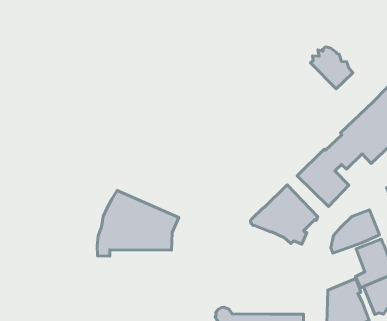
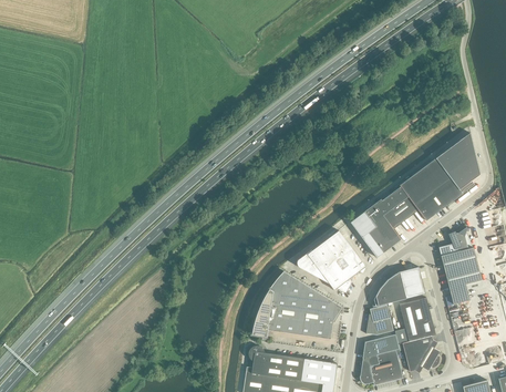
building: [311,47,353,89] -> none
building: [97,191,179,256] -> [255,271,342,339]
building: none -> [366,305,393,334]

